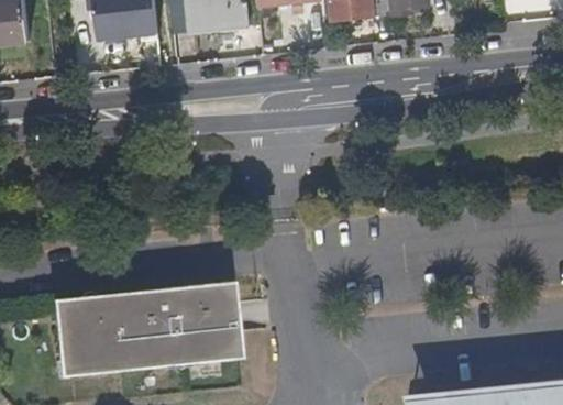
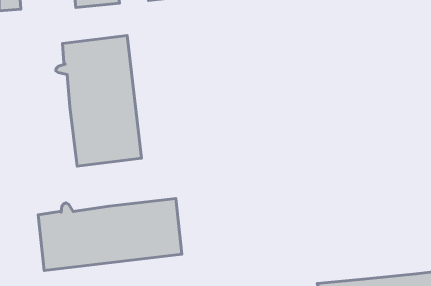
building: none -> [56,35,142,166]

